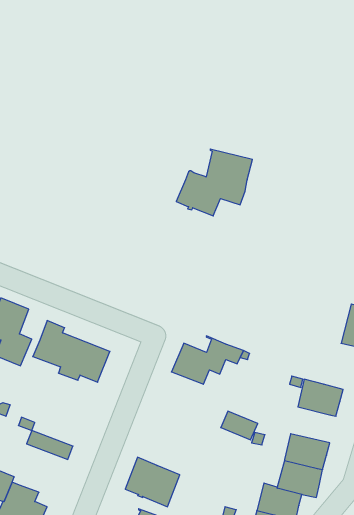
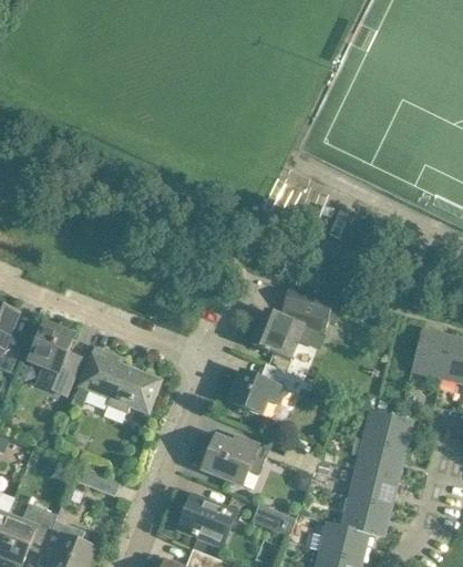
building: [176,149,252,216] -> [250,286,332,358]
building: none -> [200,434,268,483]
building: none -> [356,439,404,477]
building: none -> [251,503,296,535]

